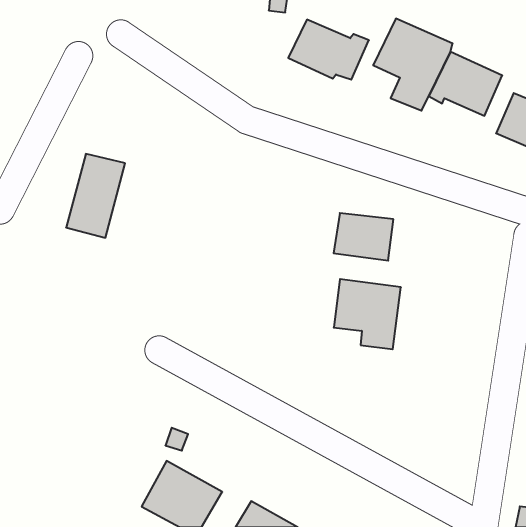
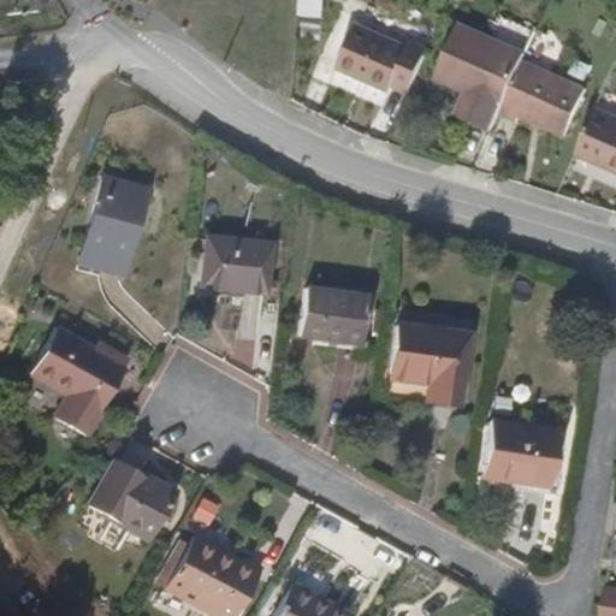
building: none -> [202,237,272,295]
building: [334,213,393,261] -> [298,290,368,345]
building: none -> [31,330,123,437]
building: none -> [482,421,558,488]
building: none -> [89,461,176,540]

